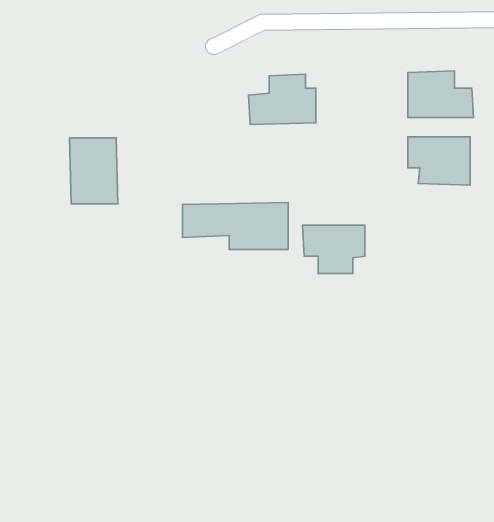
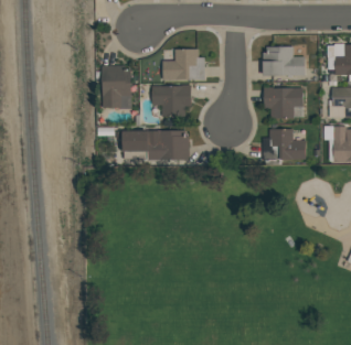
building: [69,138,118,204] -> [102,66,132,108]
building: none -> [270,129,306,160]
building: [303,225,365,274] -> [152,86,192,117]

